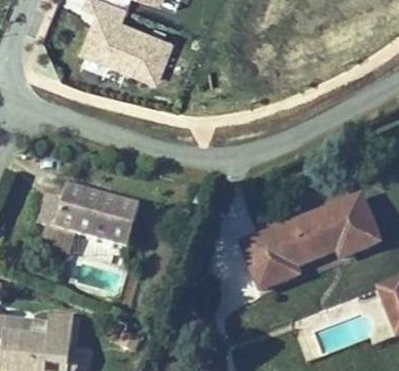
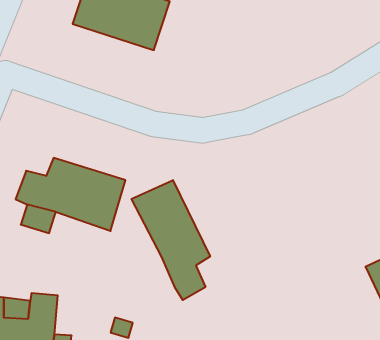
building: [237,189,372,291] -> none
building: none -> [132,180,210,300]

